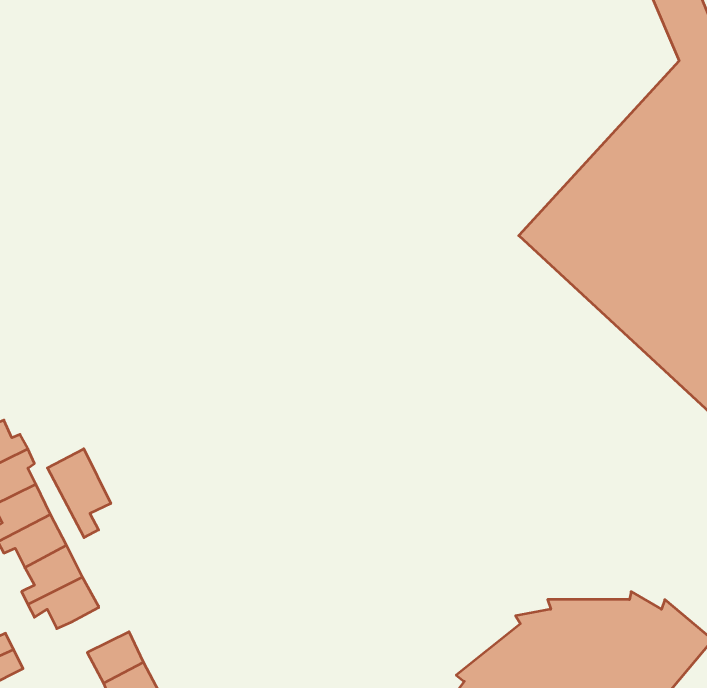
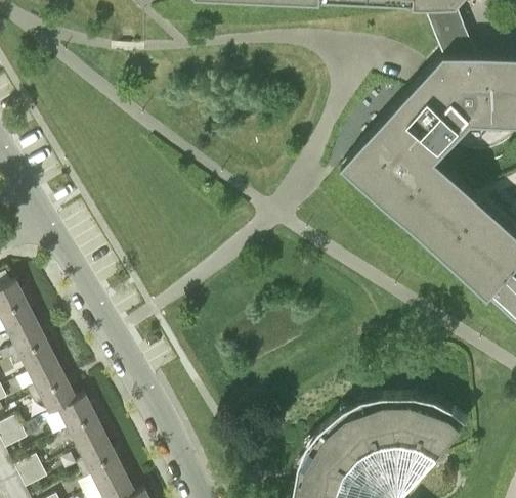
building: [47,449,111,538] -> none
building: none -> [60,399,97,433]

